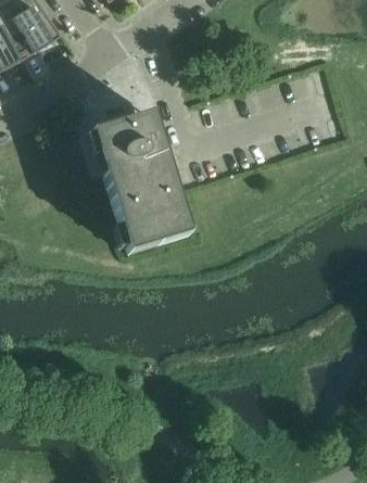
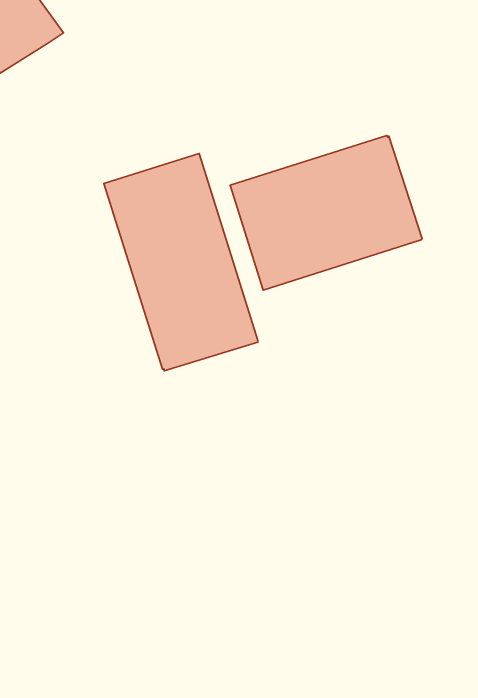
building: none -> [230,136,422,290]

